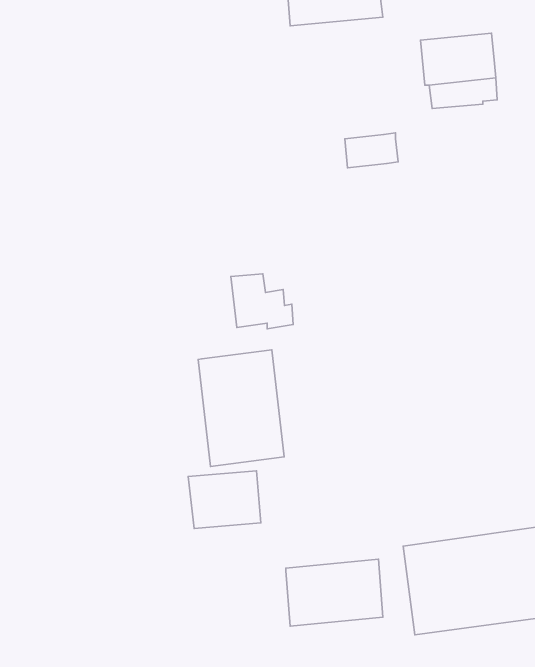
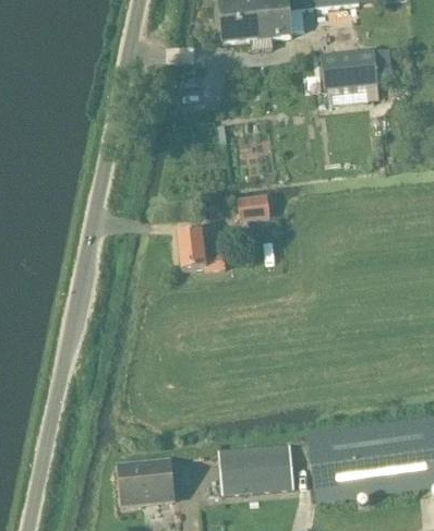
building: [345,133,398,168] -> [238,194,278,220]
building: [198,350,284,466] -> none
building: [188,471,261,529] -> [119,460,173,504]

